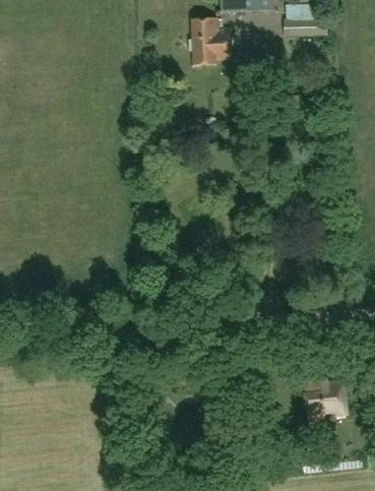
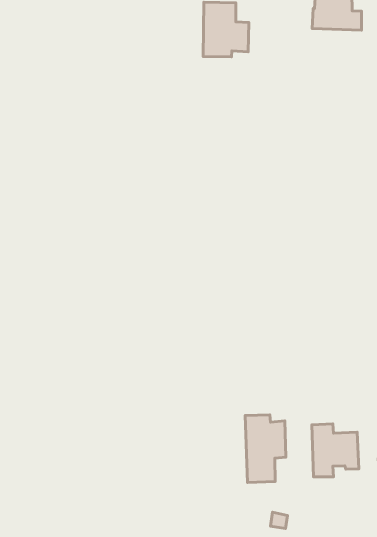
building: none -> [245,415,286,483]

